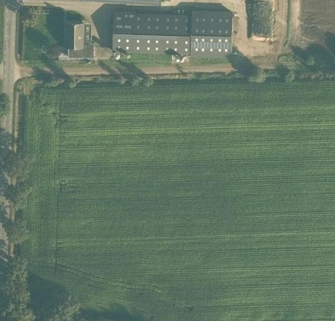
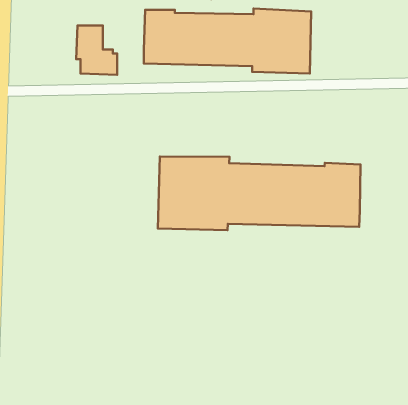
building: none -> [158,157,361,230]

